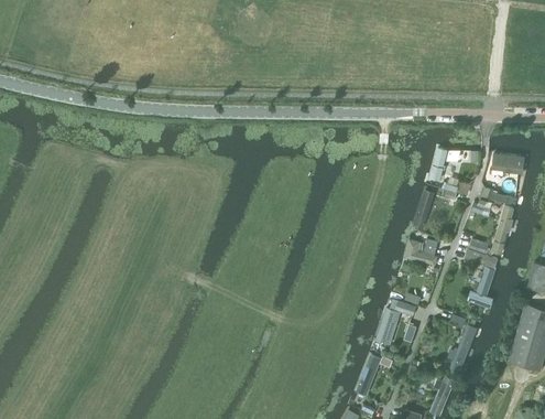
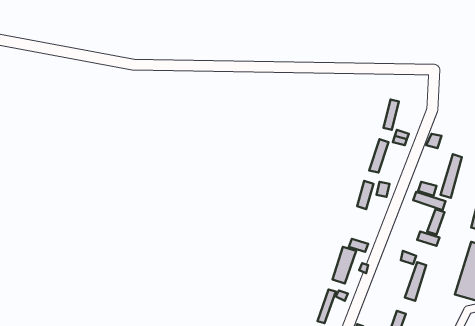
building: [492,154,520,176] -> none

